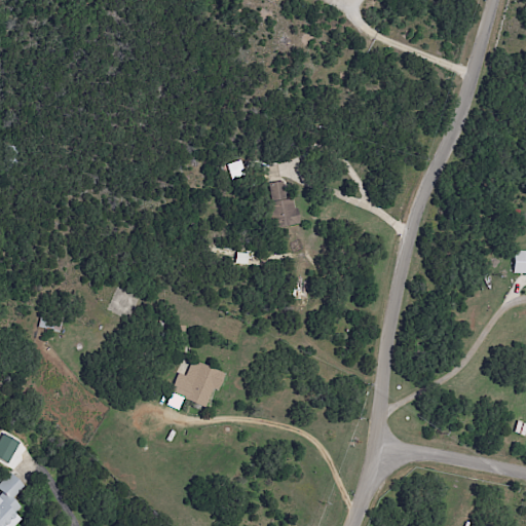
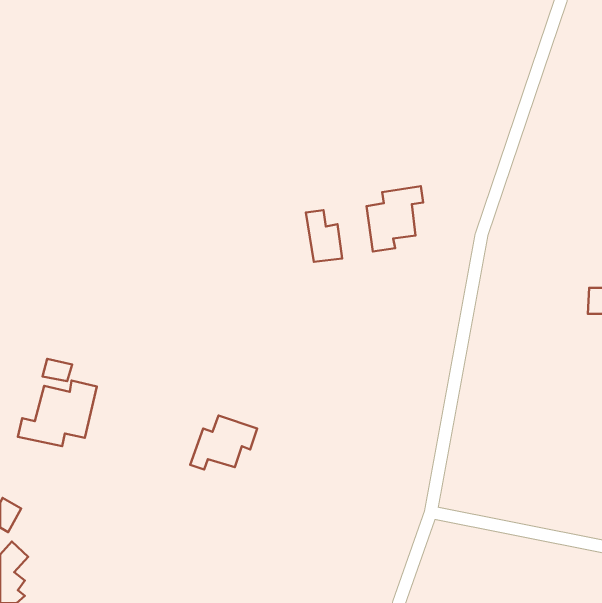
building: none -> [366,186,423,251]
building: none -> [18,380,97,446]

